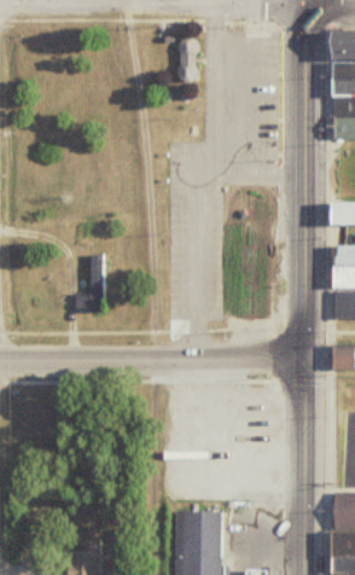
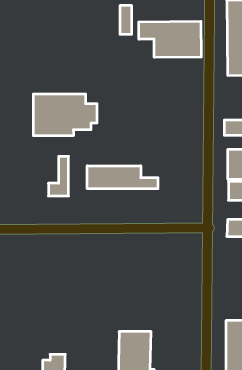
building: none -> [139,21,201,57]
building: none -> [33,94,97,136]
building: none -> [87,166,158,189]

